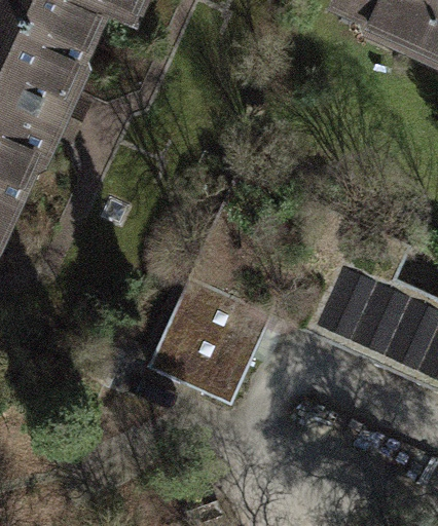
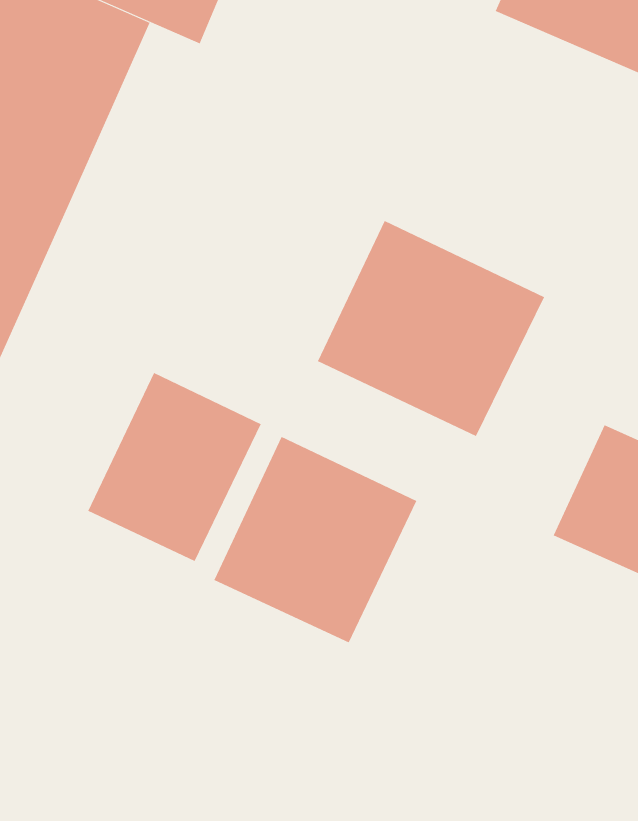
building: none -> [317,220,545,437]
building: none -> [88,372,262,562]

